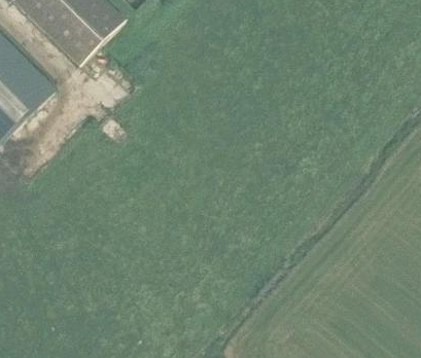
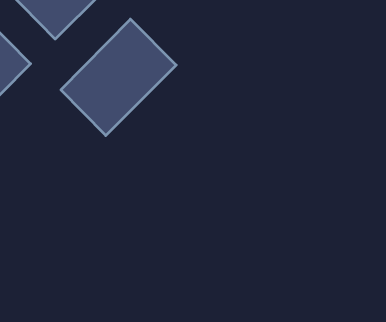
building: none -> [61,19,176,136]

